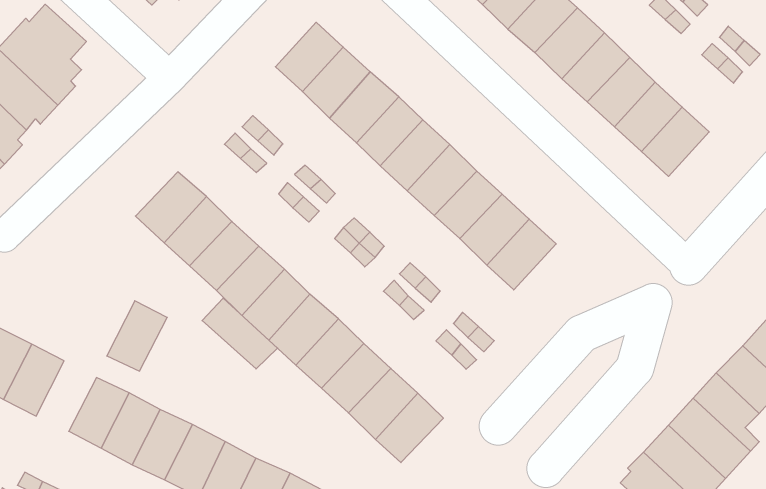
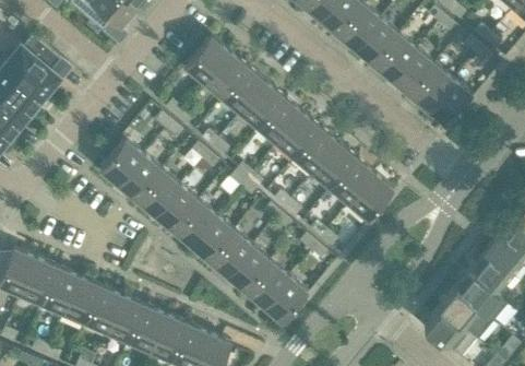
building: none -> [348,174,393,221]
building: [202,298,278,369] -> none
building: [107,301,167,371] -> [40,268,79,314]

